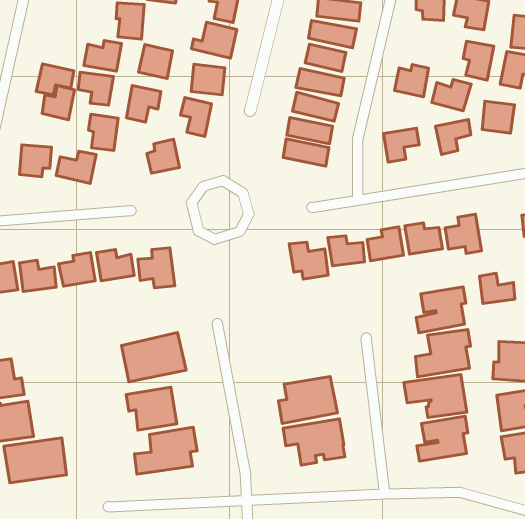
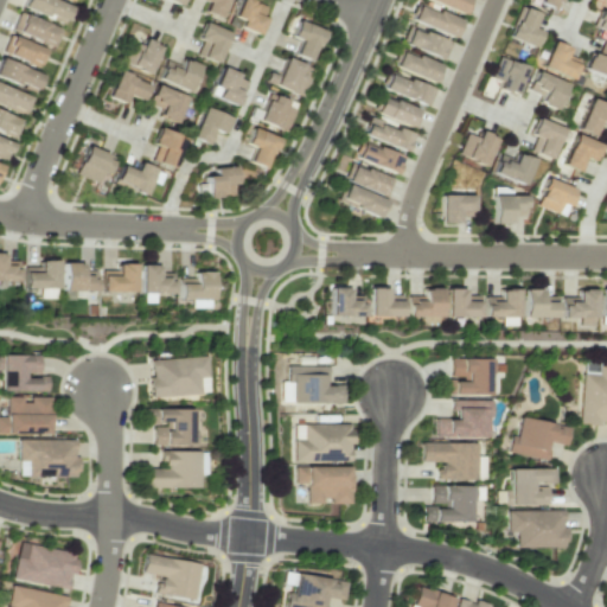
building: [42,85,74,120] -> [130,39,166,75]
building: [480,273,515,303] -> [529,290,562,319]
building: none -> [293,366,349,404]

